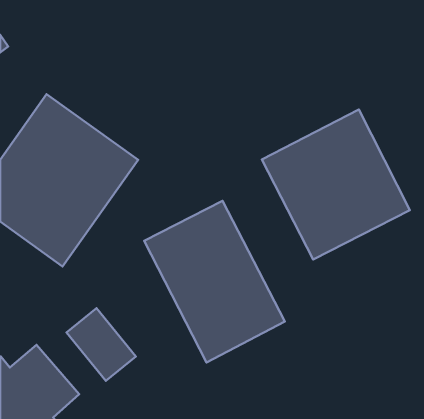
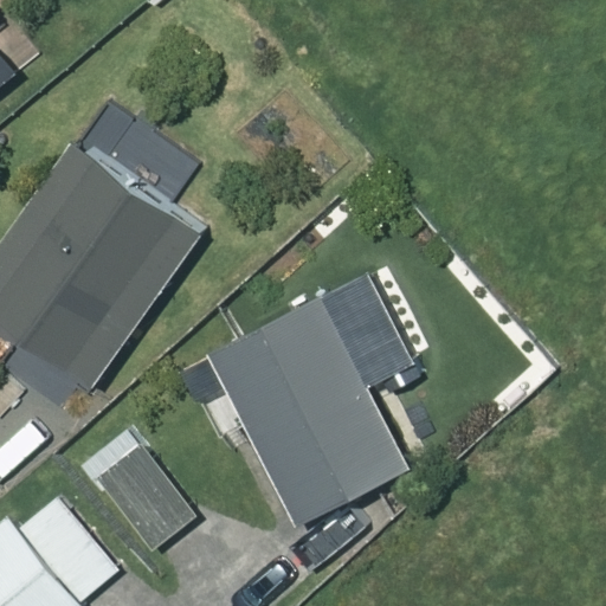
building: [262,110,410,259] -> none

